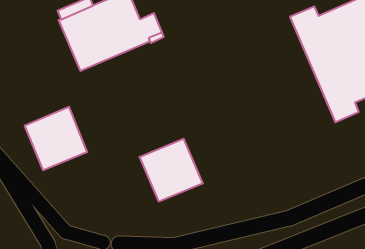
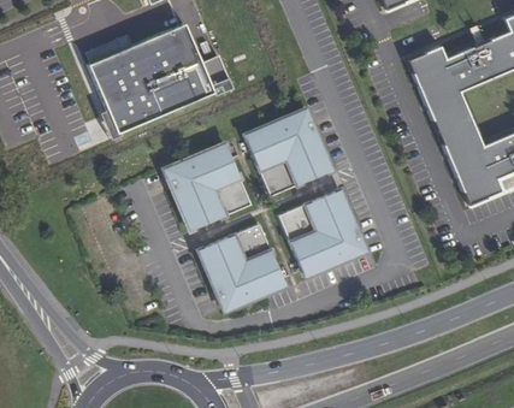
building: none -> [244,111,332,199]
building: [25,107,87,170] -> [164,144,250,232]
building: none -> [279,191,366,279]

